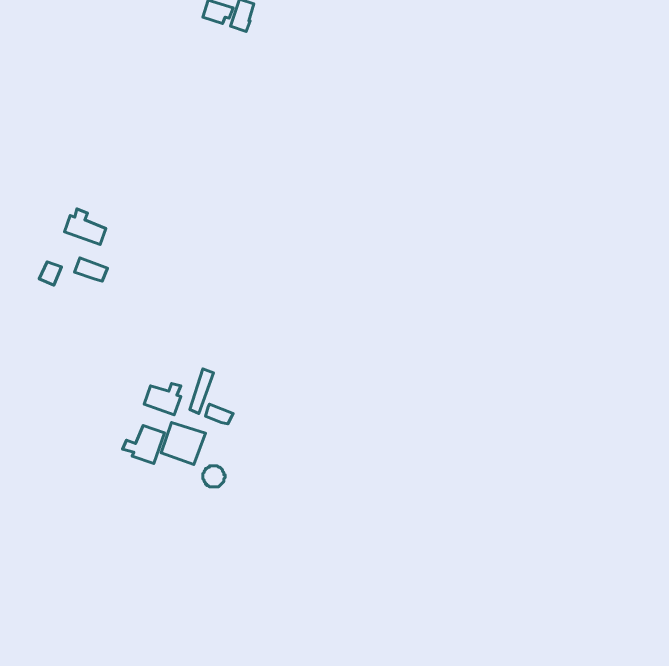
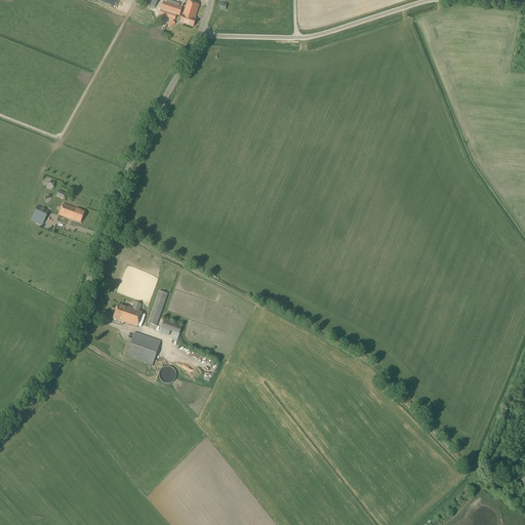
building: [64,209,106,245] -> none
building: [123,425,165,464] -> none

